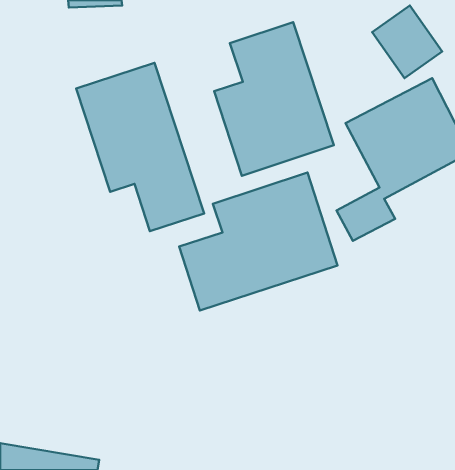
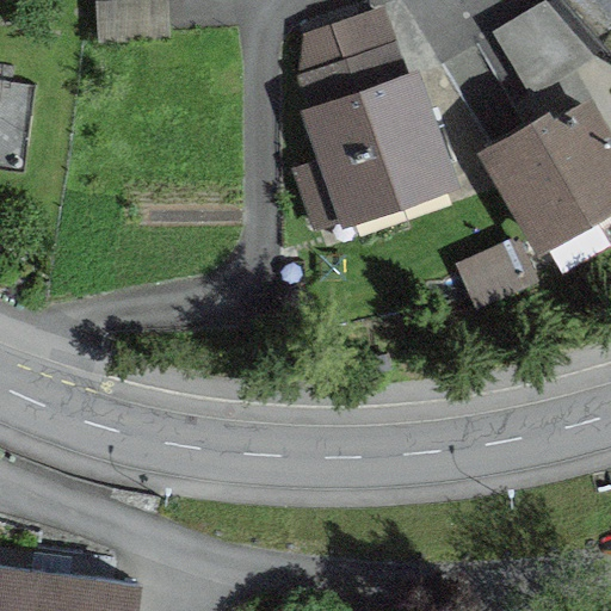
building: [76,63,204,231] -> none
building: [179,173,338,311] -> none

